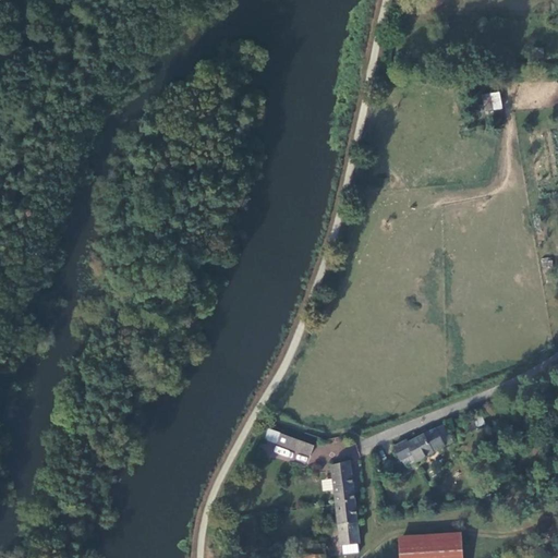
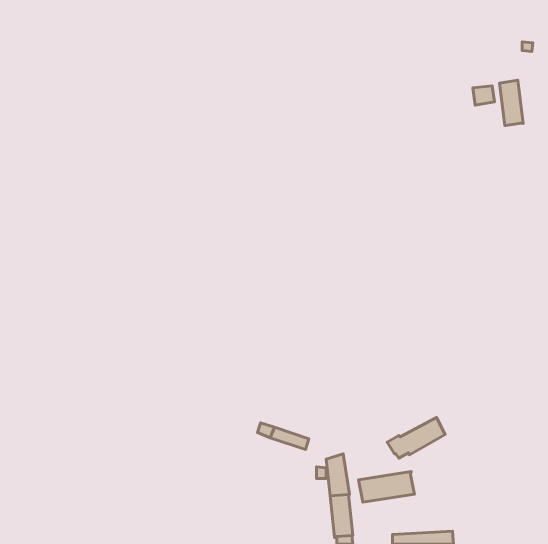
building: none -> [500,80,523,126]
building: none -> [358,471,414,502]

